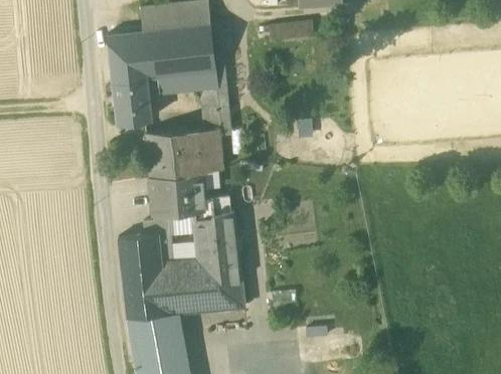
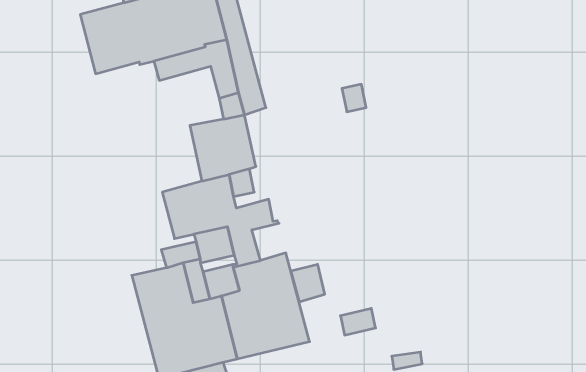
building: [113,78,152,125] -> none
building: [146,132,181,179] -> none
building: [213,215,236,241] -> [291,264,325,302]

